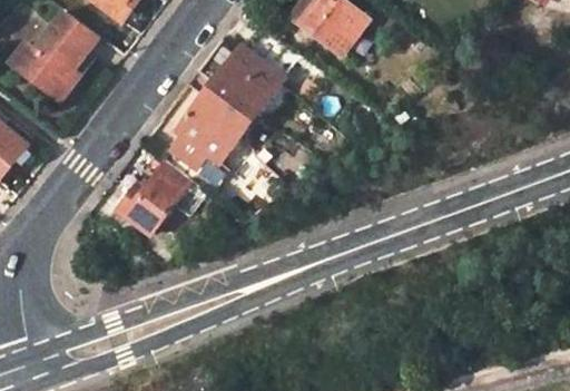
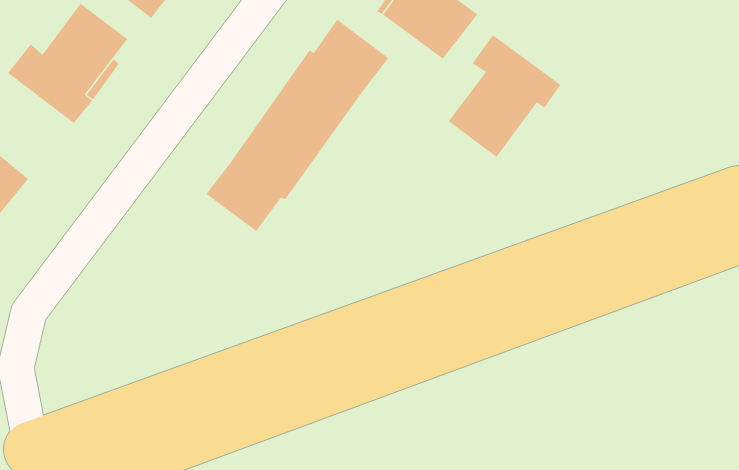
building: none -> [448,34,561,158]
building: [118,157,205,234] -> none

